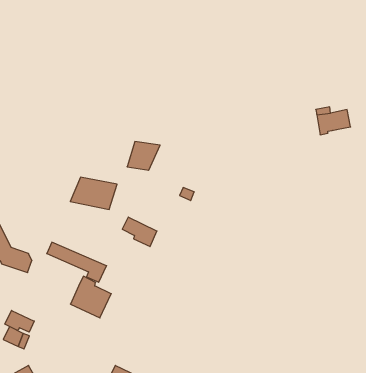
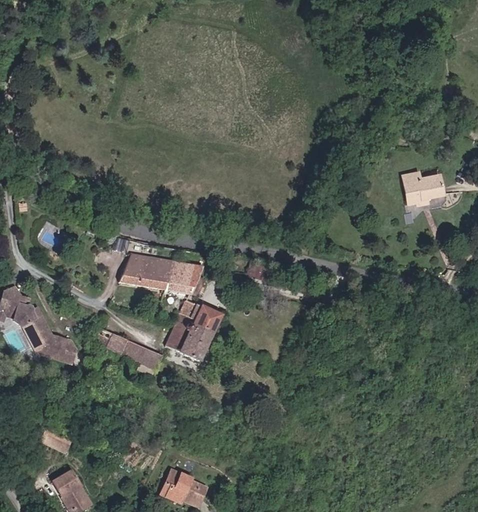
building: [127,142,160,170] -> [165,261,203,294]
building: [70,276,111,318] -> [165,313,212,361]
building: [5,310,34,332] -> none

